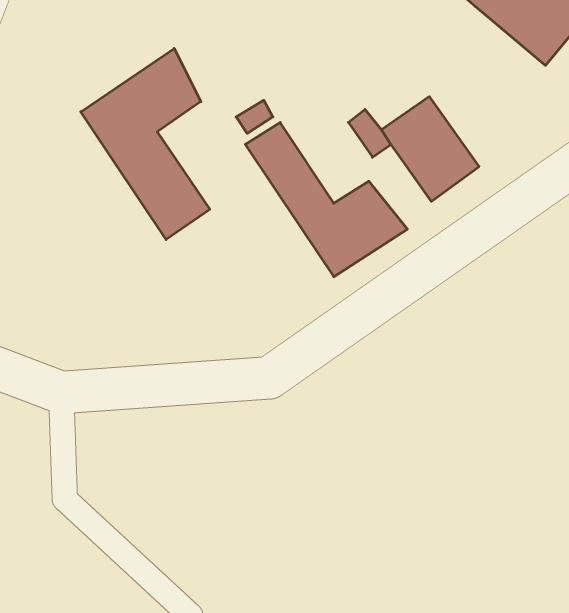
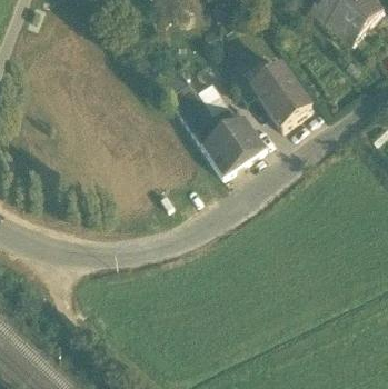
building: [81,48,210,240] -> none

